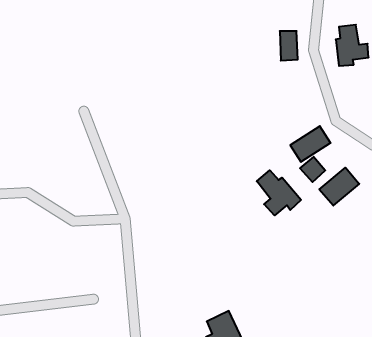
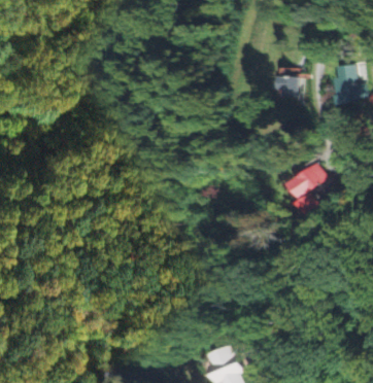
building: [319,168,359,206] -> none
building: [257,170,301,215] -> none

